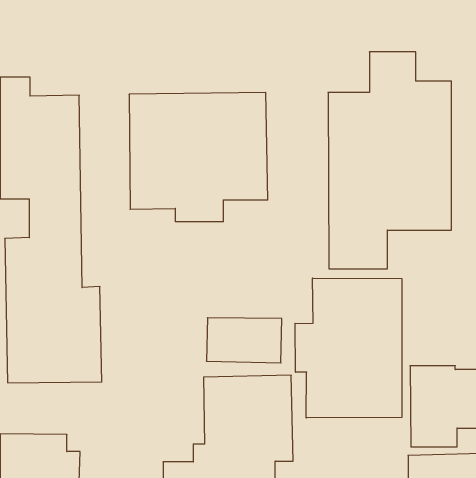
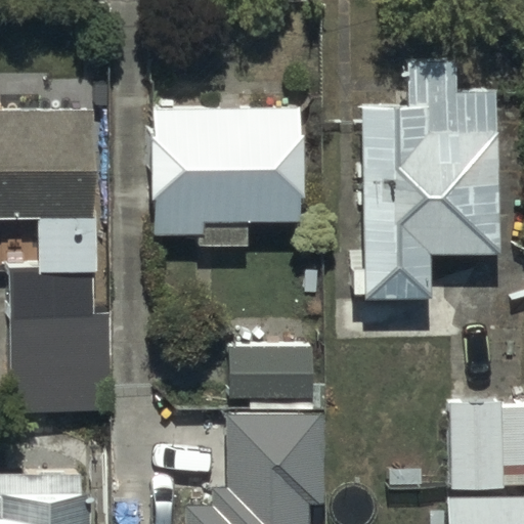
building: [295,278,402,418] -> none

